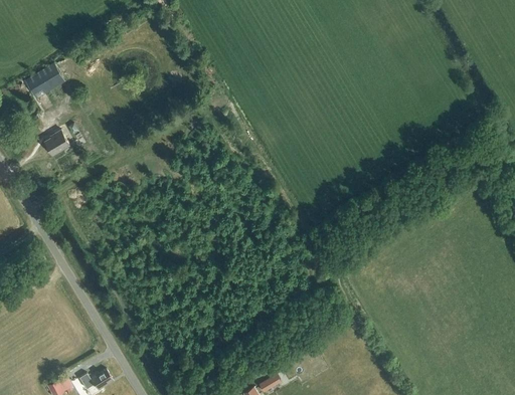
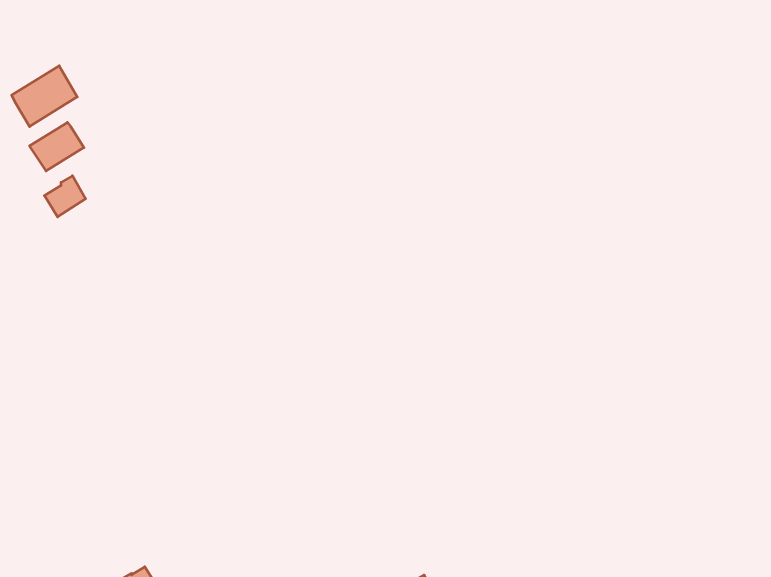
building: none -> [30,122,84,171]

